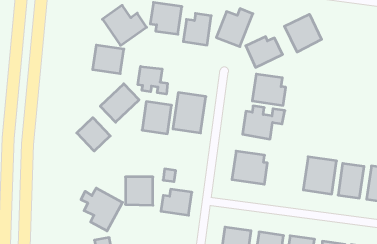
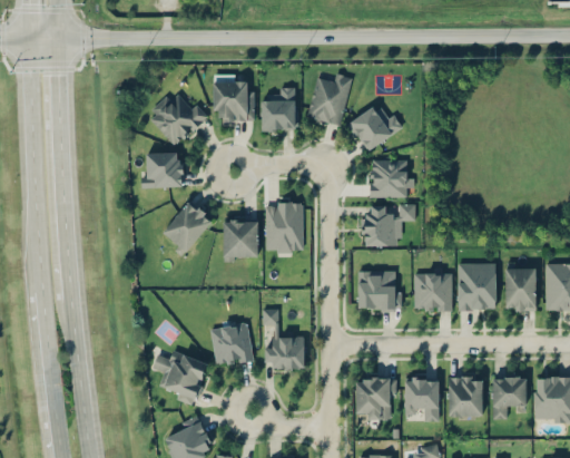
building: [284,14,322,52] -> none
building: [138,66,167,94] -> none
building: [77,118,110,151] -> none
building: none -> [414,274,452,312]

